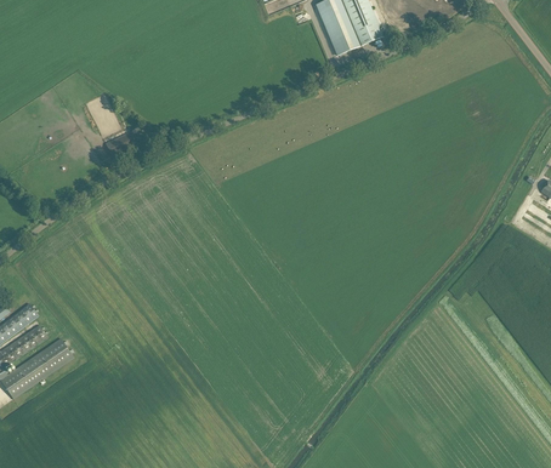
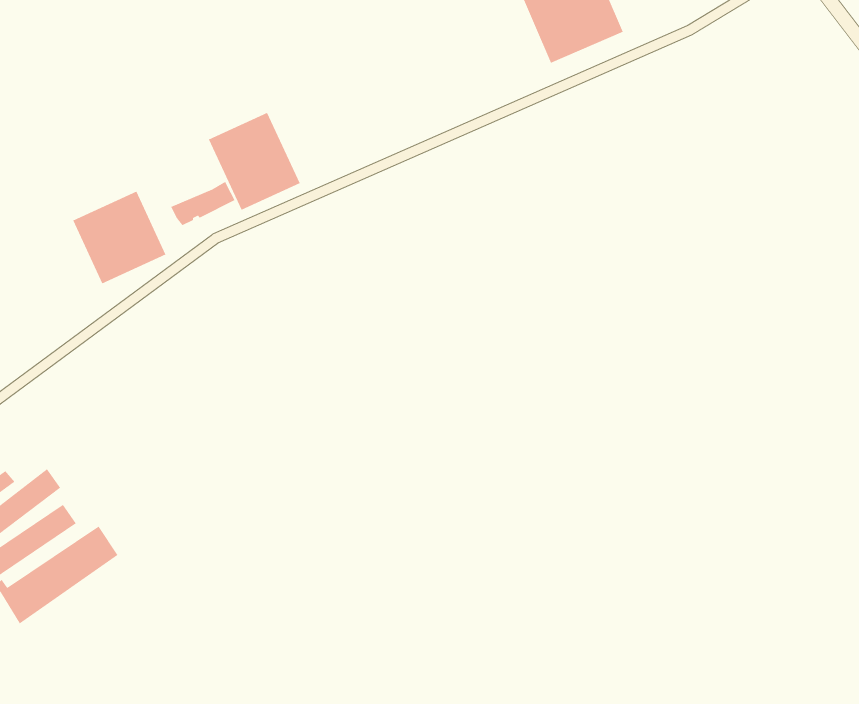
building: none -> [208,112,301,211]
building: none -> [72,191,167,285]

